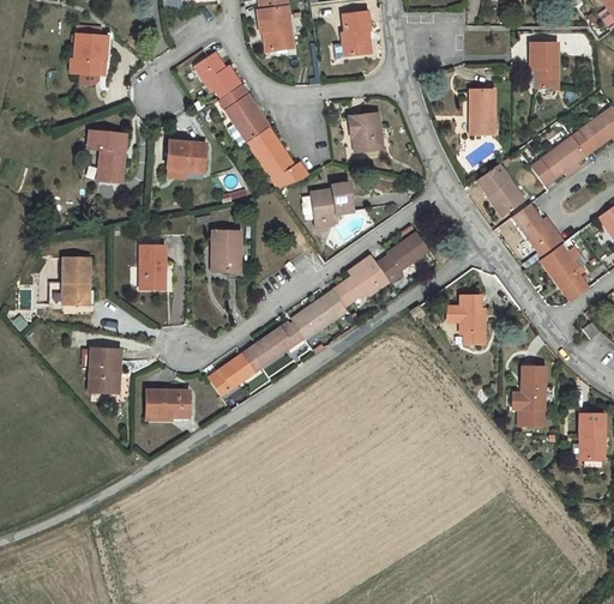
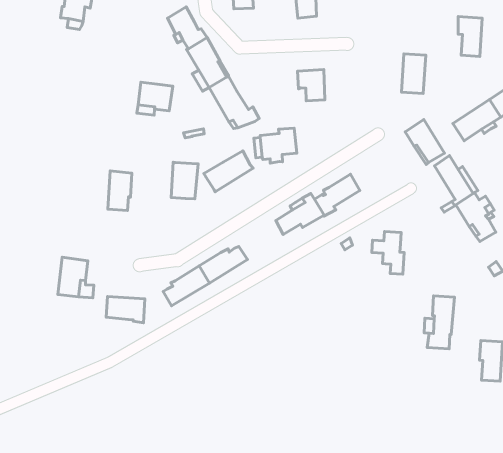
building: [89,131,126,181] -> none
building: [62,256,90,304] -> none
building: [291,290,348,339] -> [204,151,253,192]

